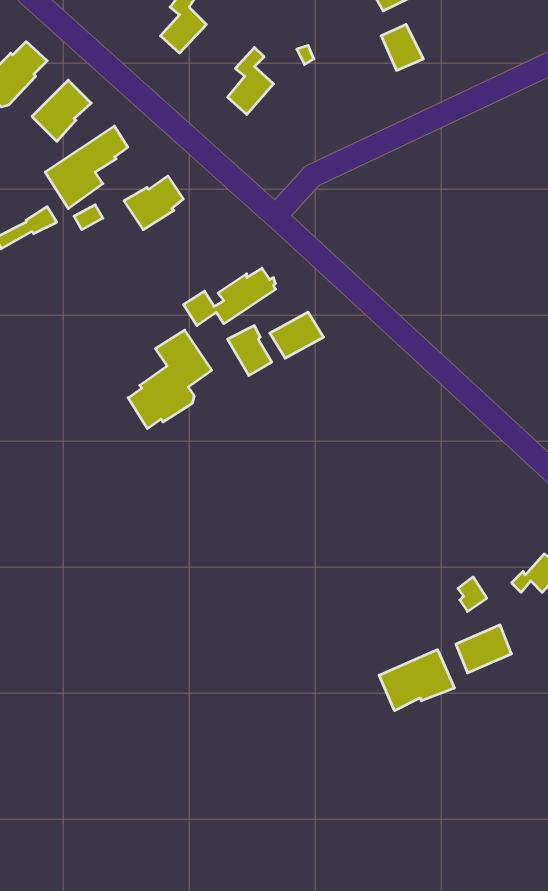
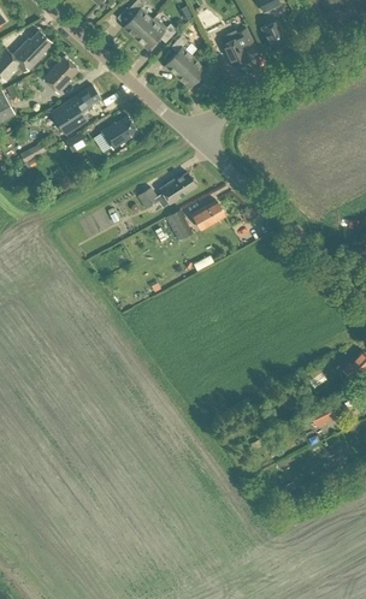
building: none -> [135,19,176,48]
building: none -> [222,28,253,67]
building: none -> [177,57,218,87]
building: [128,330,212,429] -> none
building: [379,650,454,711] -> none

